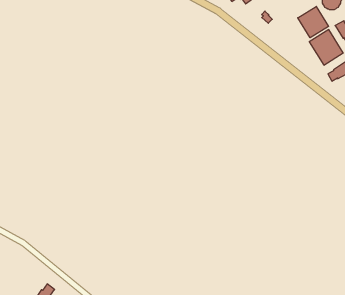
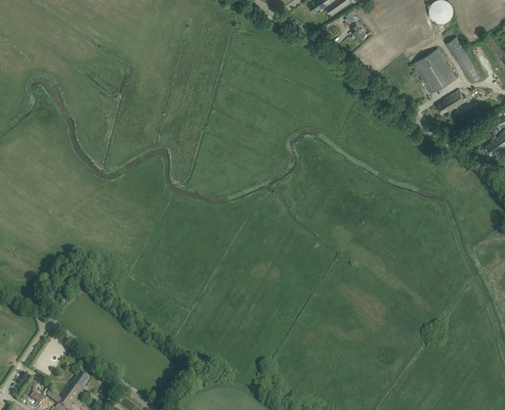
building: [298,6,329,38] -> none

